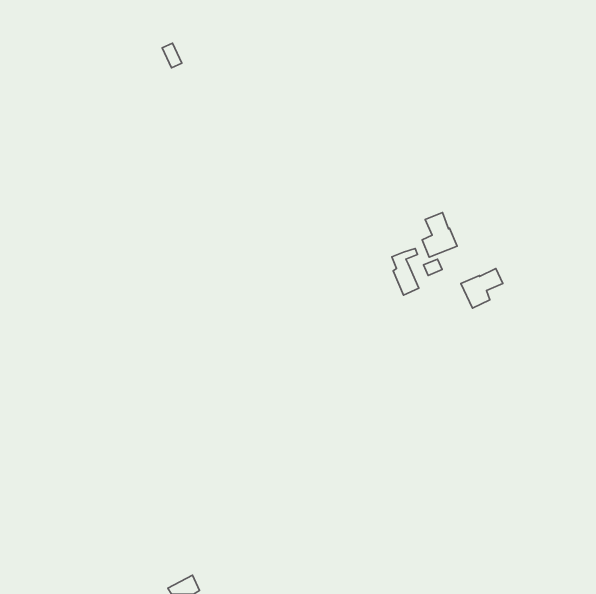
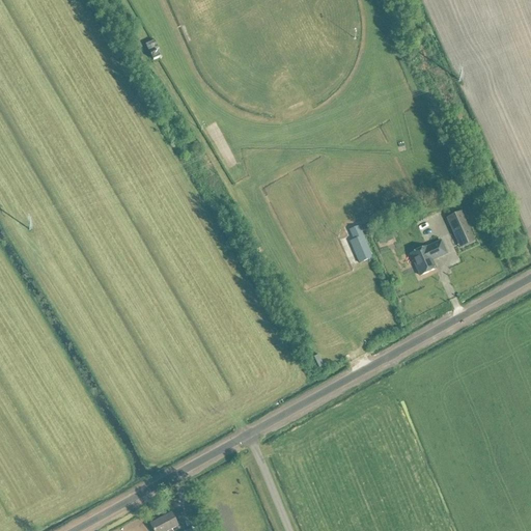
building: [422,212,457,257] -> none
building: none -> [447,211,474,247]

